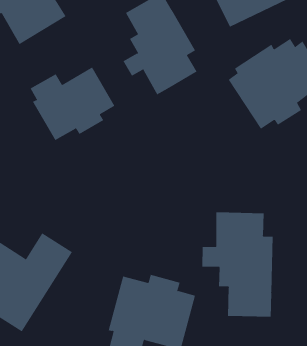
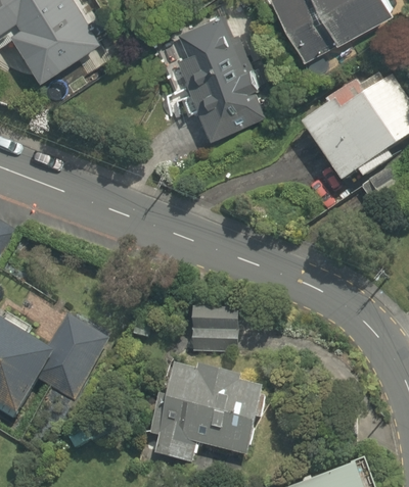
building: [30,67,115,141] -> none
building: [202,212,273,318] -> none
building: none -> [188,308,242,350]

